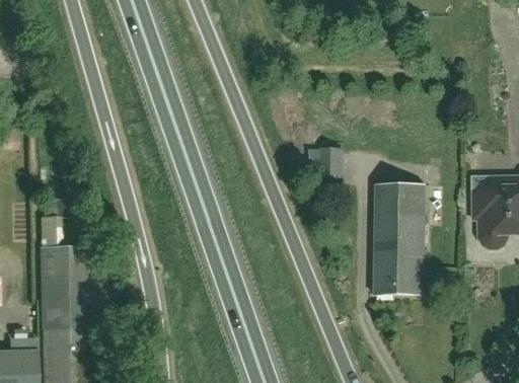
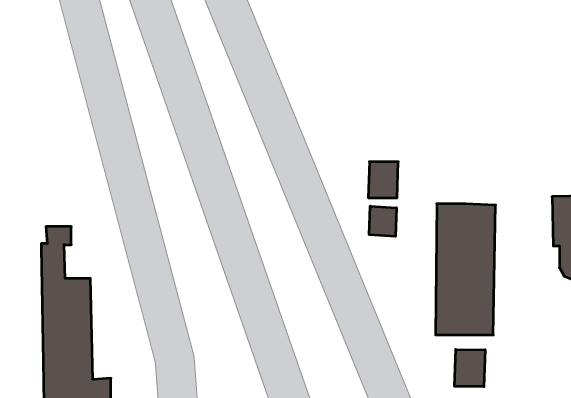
building: none -> [369,206,396,236]
building: none -> [455,349,485,387]

